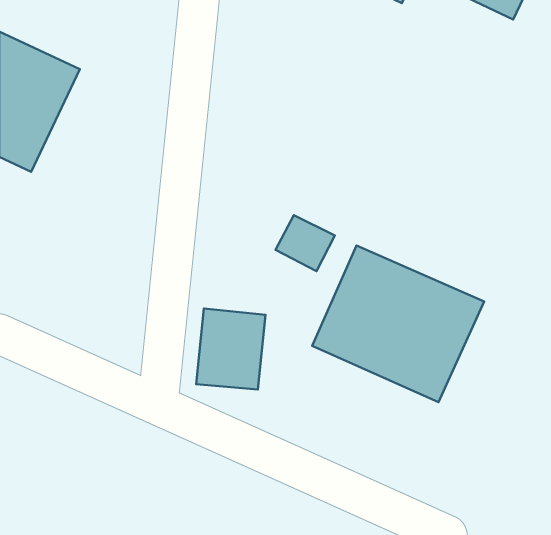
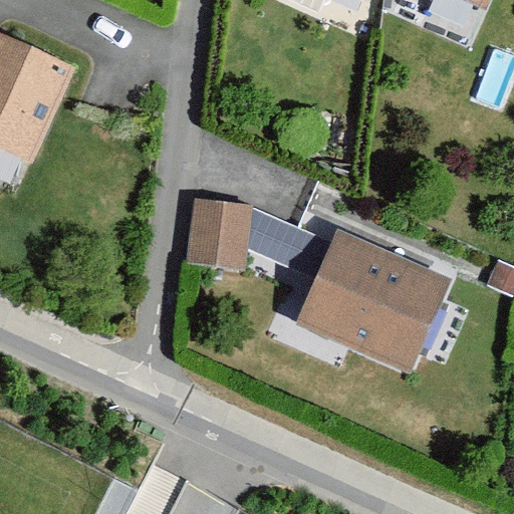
building: [196,308,265,389] -> [186,195,250,270]

